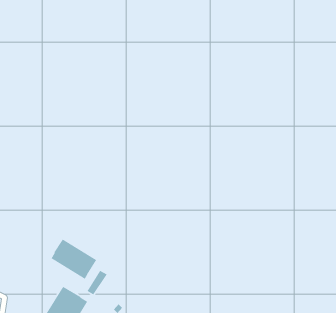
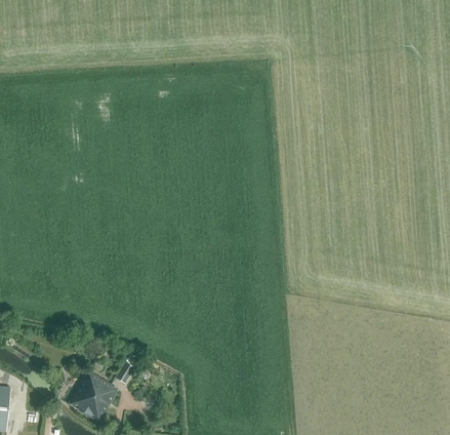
building: [50,238,97,280] -> none

